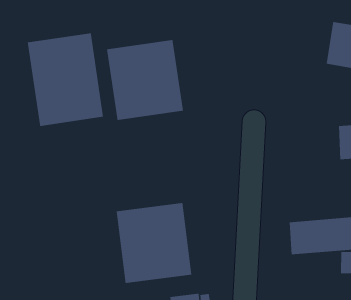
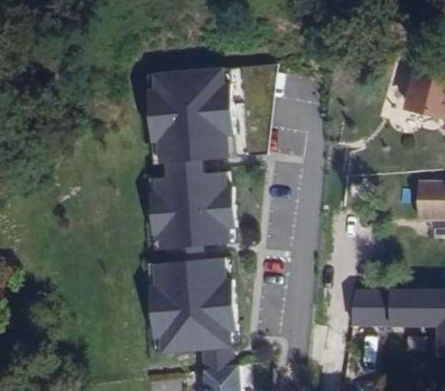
building: [27,32,104,127] -> none
building: none -> [150,166,235,250]

